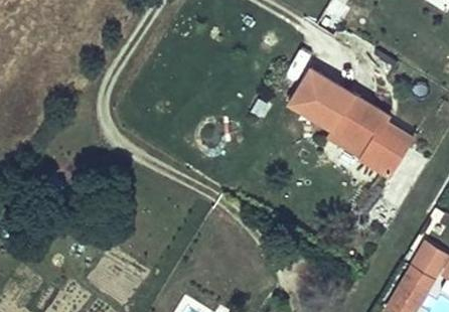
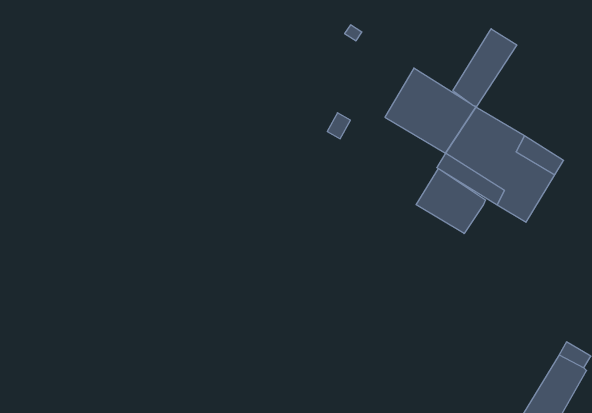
building: none -> [453,29,517,106]
building: none -> [416,169,485,234]

